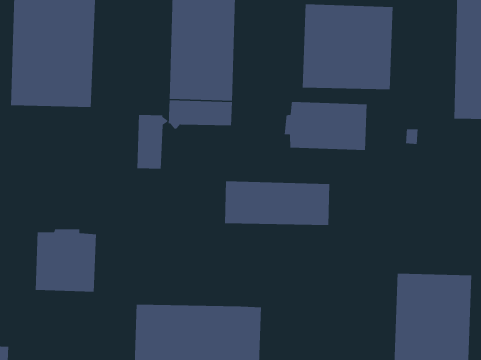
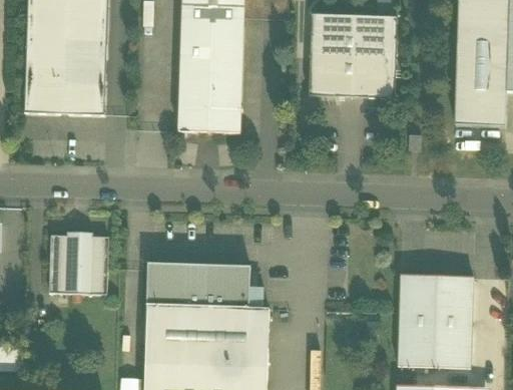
building: [284,101,368,151] -> none
building: [136,114,168,169] -> none
building: [224,181,330,226] -> [147,263,250,307]

